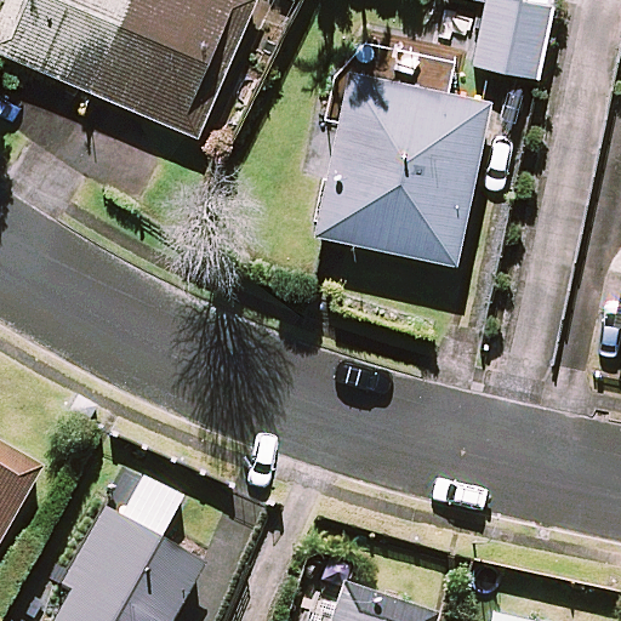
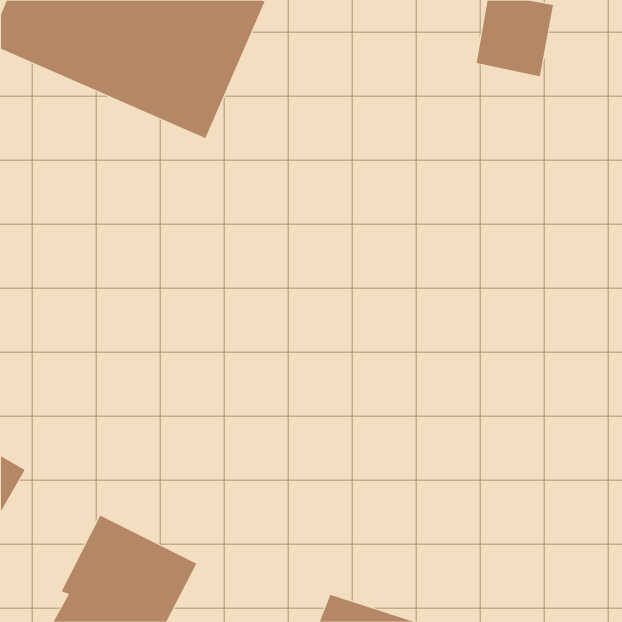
building: [317,73,489,261] -> none

